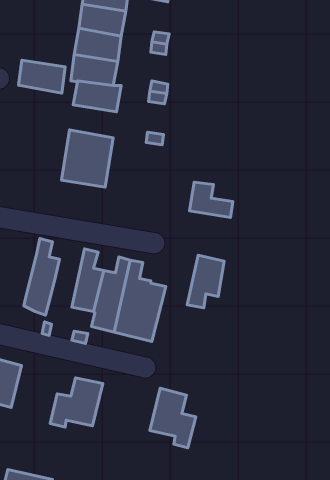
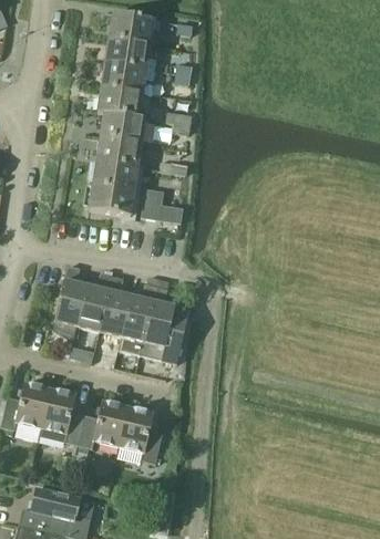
building: [18,60,65,93] -> [96,135,142,167]
building: [189,182,233,218] -> [141,188,183,222]
building: none -> [76,272,111,331]
building: [187,255,224,308] -> none
building: none -> [39,387,84,444]
building: [150,388,196,448] -> [119,405,163,463]

